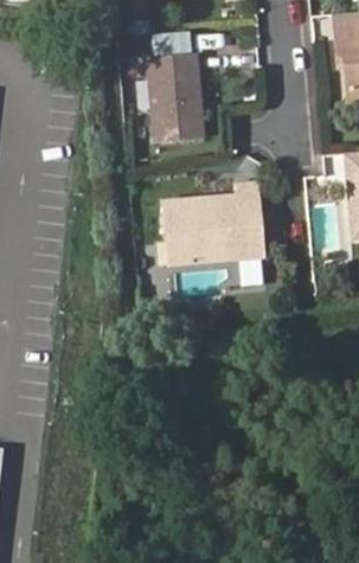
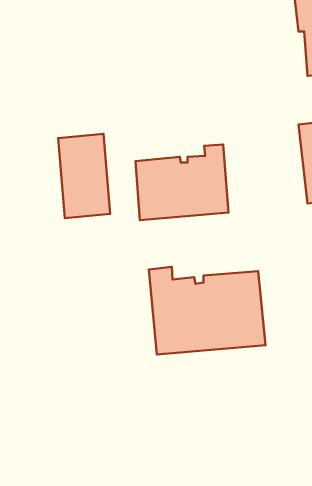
building: [146,51,201,141] -> [58,134,110,218]
building: none -> [149,267,265,355]

